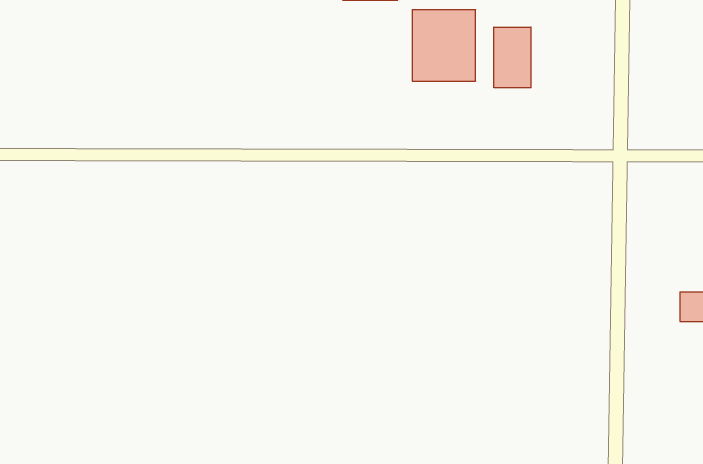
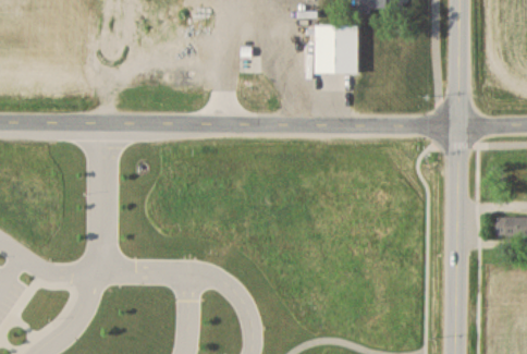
building: [494,27,531,88] -> none

